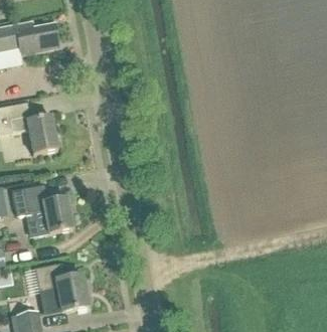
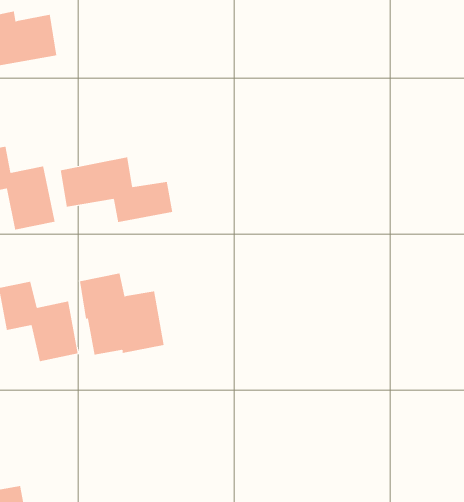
building: none -> [60,157,173,223]
building: [35,264,88,314] -> [79,273,165,355]

